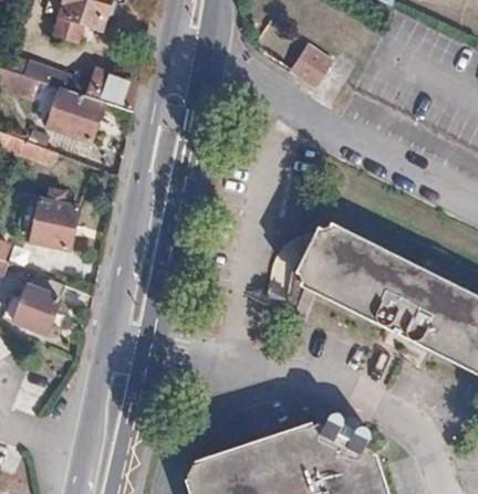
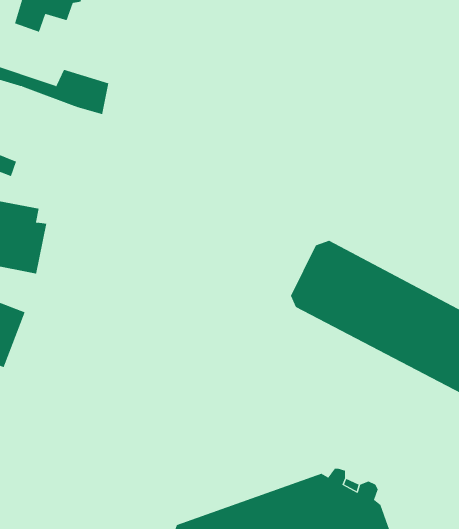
building: [290,41,335,87] -> none
building: [44,87,105,144] -> none

